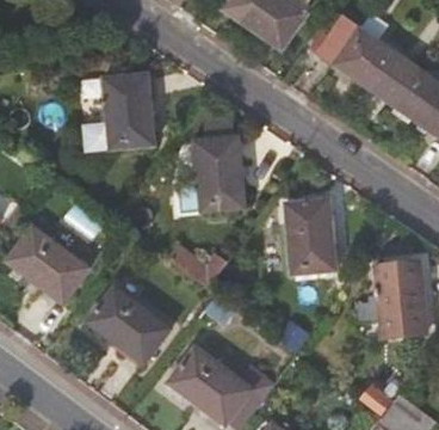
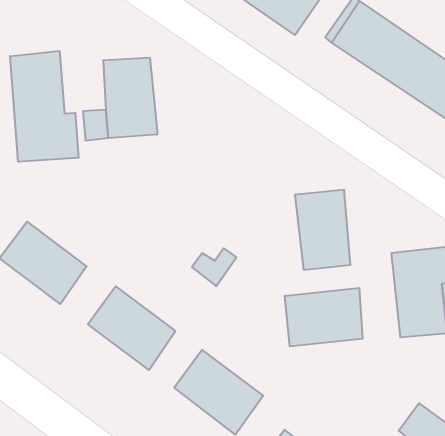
building: none -> [10,51,79,162]
building: [192,134,245,211] -> none
building: none -> [285,288,362,346]

